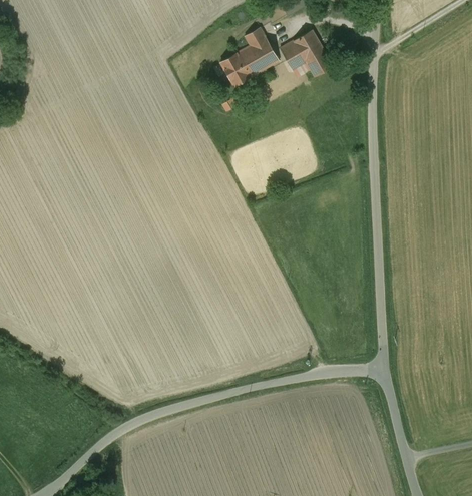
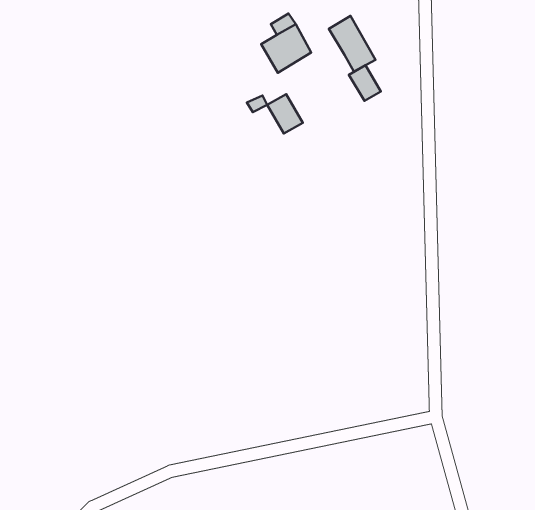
building: [279,40,306,70] -> [349,65,381,101]
building: [219,53,250,86] -> [267,94,303,133]

